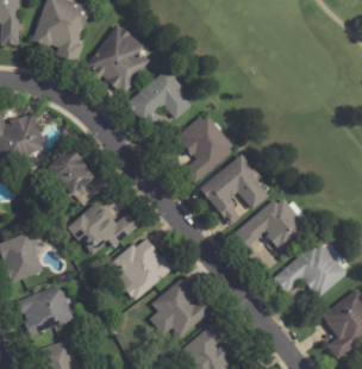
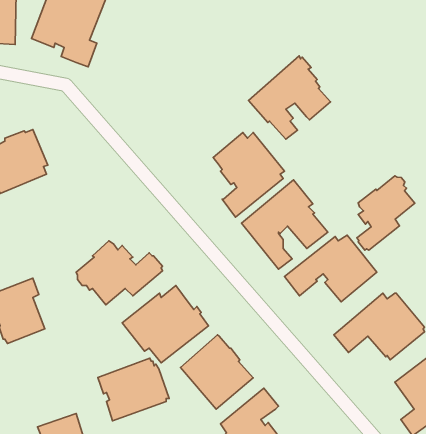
building: [86,25,150,95] -> none
building: [126,68,192,135] -> [249,56,330,139]
building: [40,145,95,198] -> none
building: none -> [357,176,415,250]
building: [15,286,73,336] -> [98,358,169,421]

